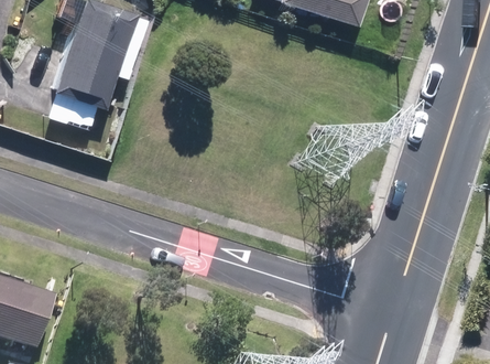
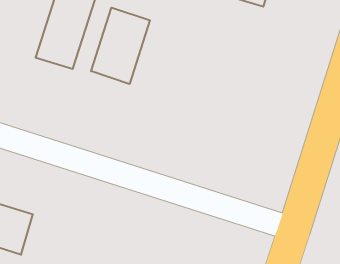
building: none -> [91,8,150,84]

